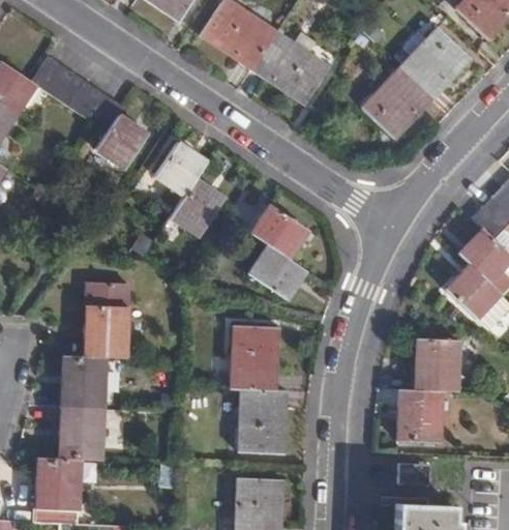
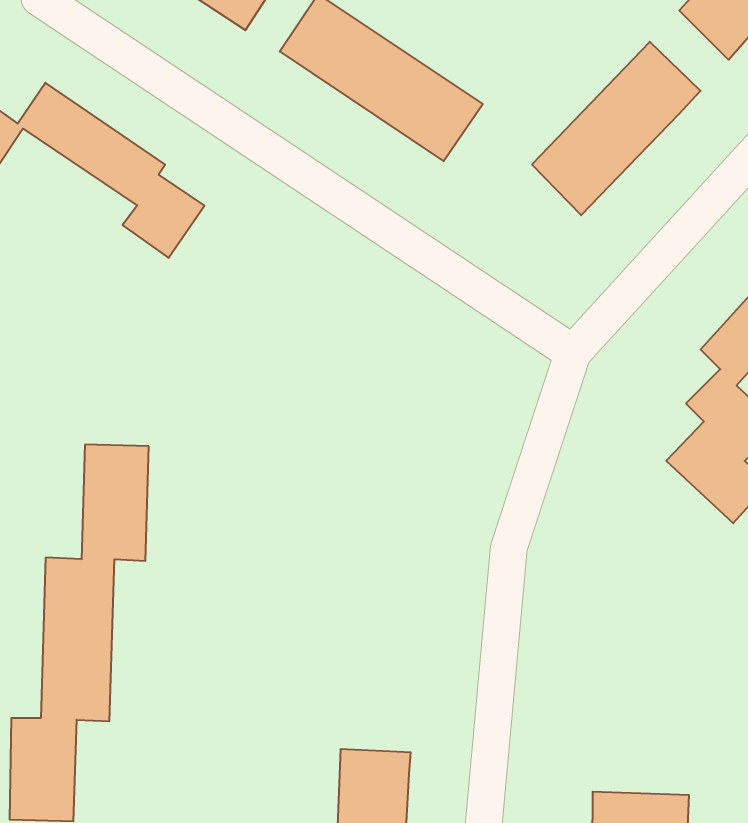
building: [160,145,229,235] -> none
building: [253,207,312,301] -> none
building: [234,325,288,451] -> none
building: [399,333,460,440] -> none

